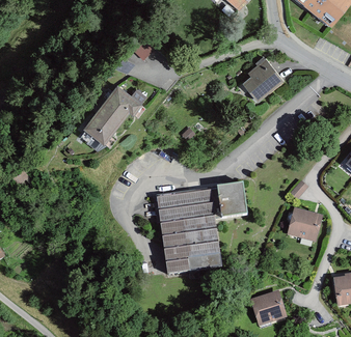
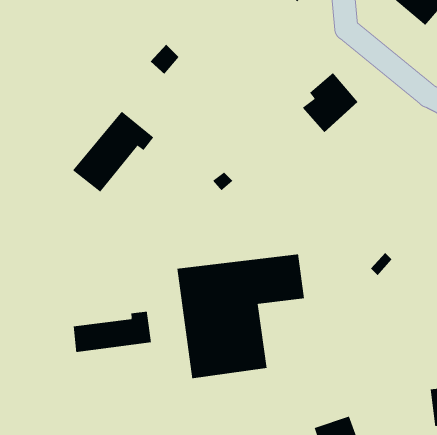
building: [288,212,320,243] -> none
building: none -> [73,311,151,353]

